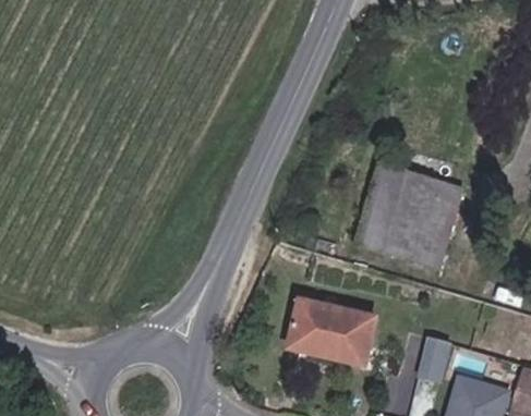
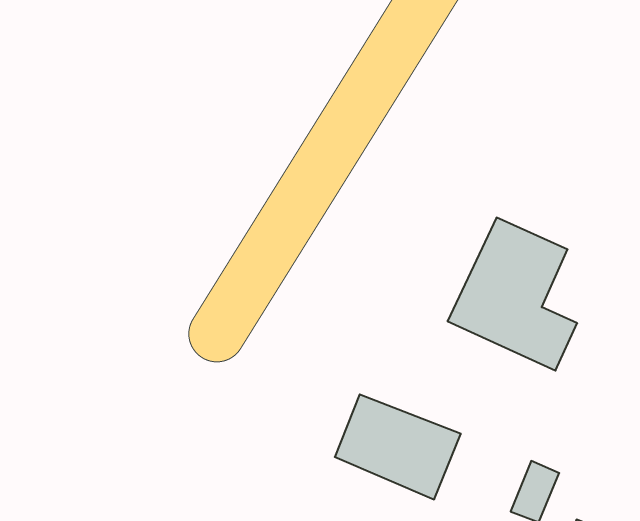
building: [424,183,463,234] -> none

